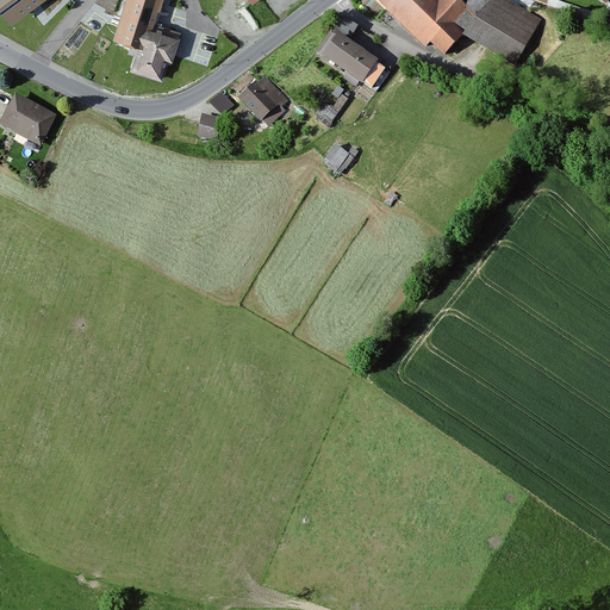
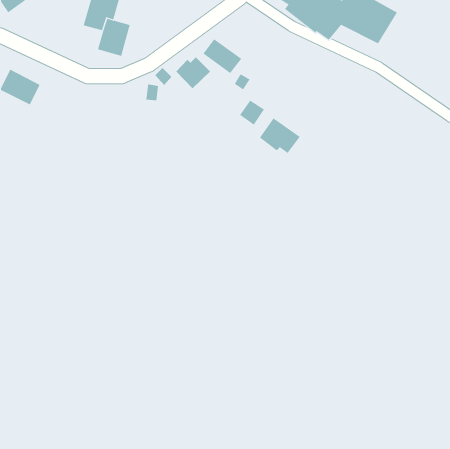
building: [323,33,376,81] -> [202,39,242,74]
building: none -> [259,117,301,154]

